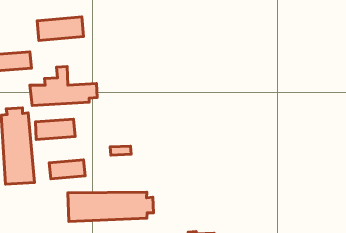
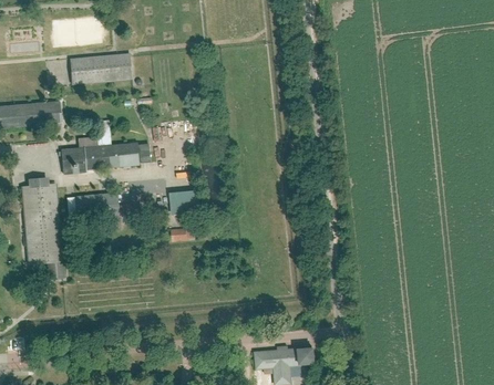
building: none -> [168,190,198,215]
building: [49,160,85,179] -> none
building: [68,192,154,221] -> none

